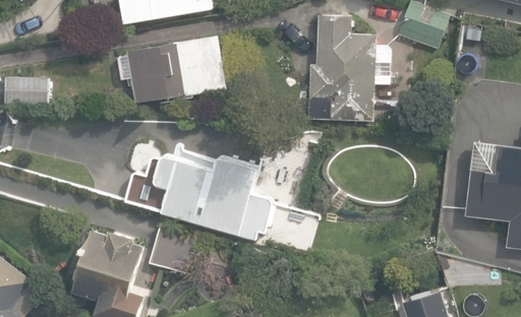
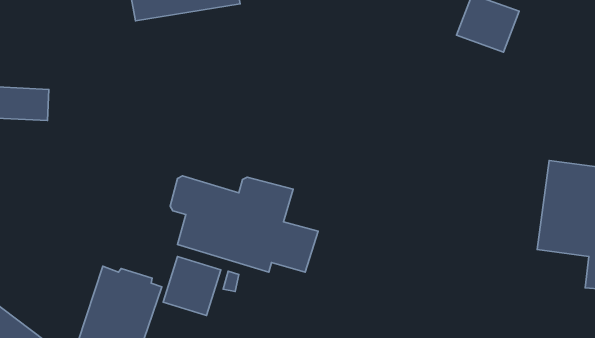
building: [306,13,390,120] -> none
building: [116,36,225,103] -> none

